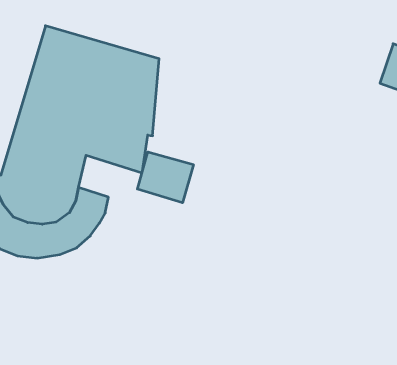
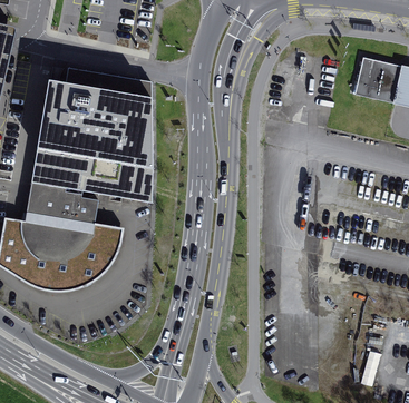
building: [137,152,193,203] -> none

